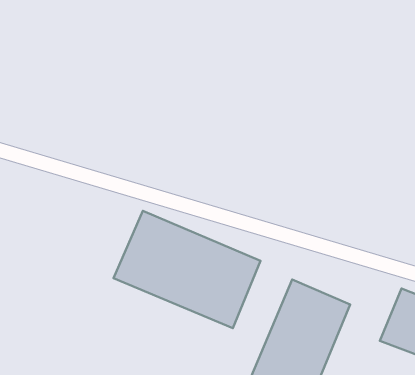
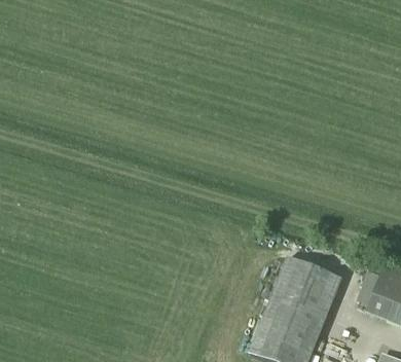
building: [114,211,260,328] -> none

